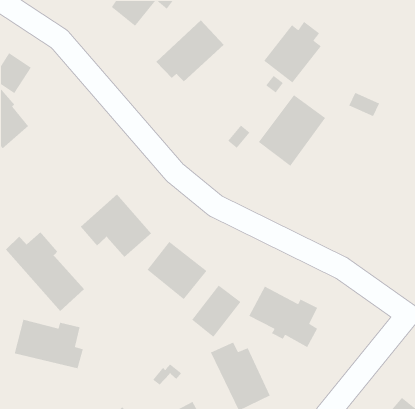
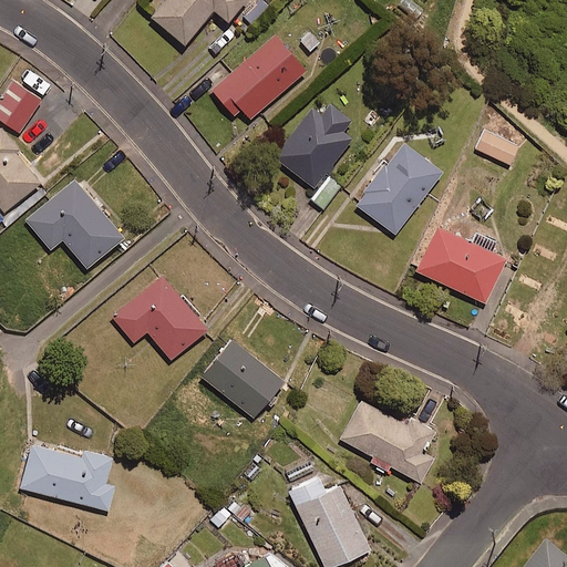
building: [263,21,322,84] -> [274,103,353,188]
building: none -> [24,177,125,268]
building: none -> [415,224,507,303]
building: [5,231,85,312] -> none
building: [191,284,242,338] -> none

